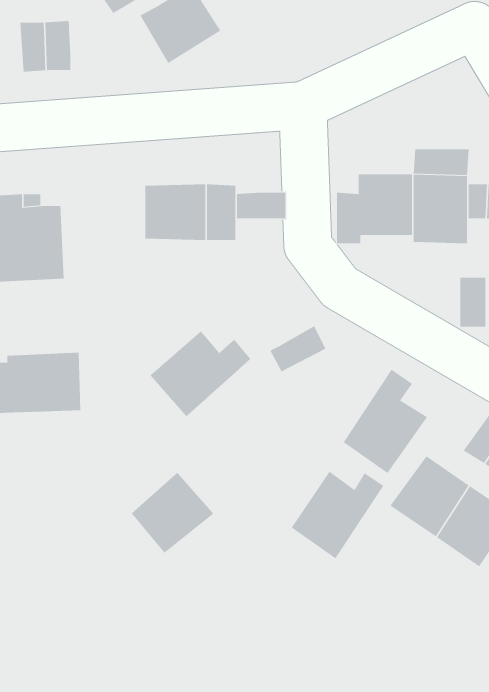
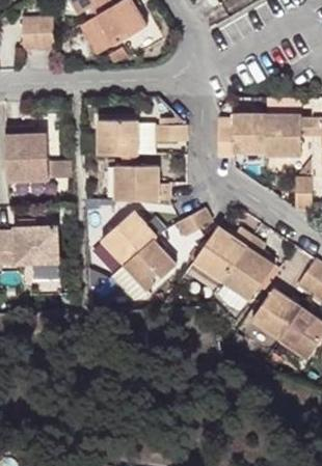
building: none -> [115,166,167,200]
building: [291,471,384,559] -> [193,226,251,281]
building: [131,472,214,554] -> [124,240,176,291]

